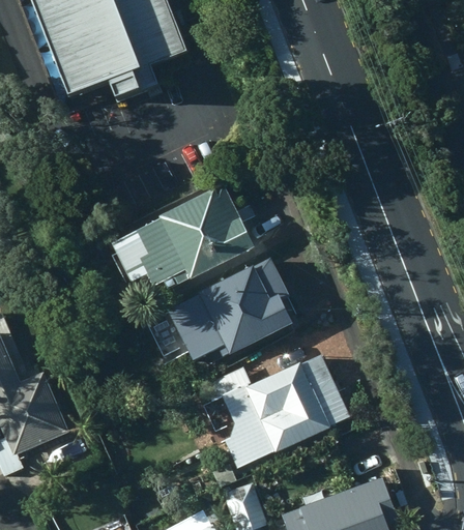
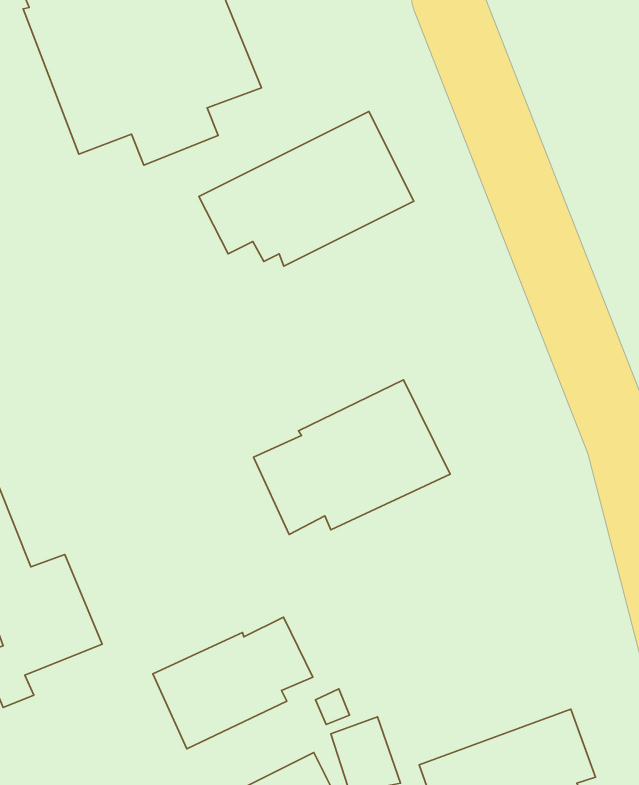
building: [112,185,256,289] -> [199,112,414,266]
building: [203,353,350,468] -> none
building: none -> [153,617,313,749]

